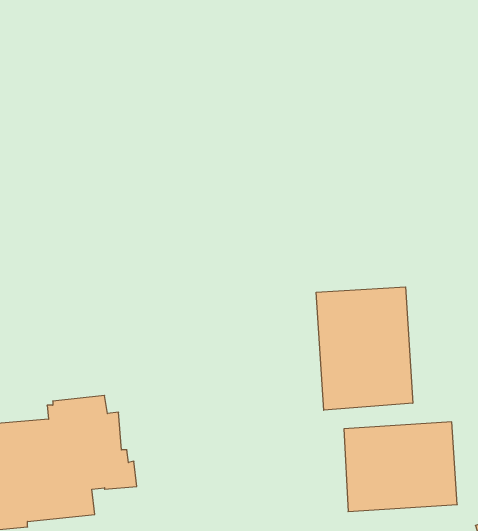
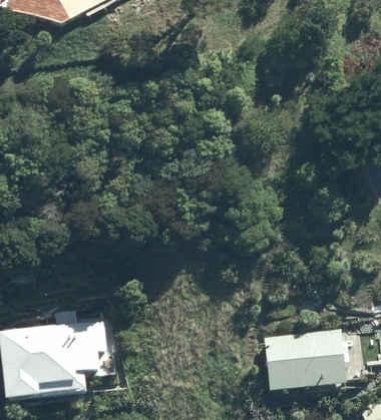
building: [316,287,413,410] -> none

